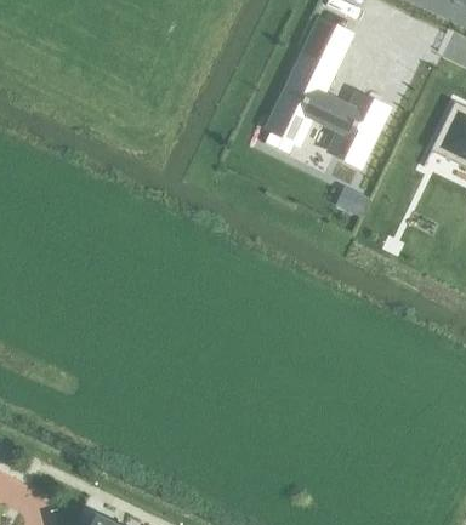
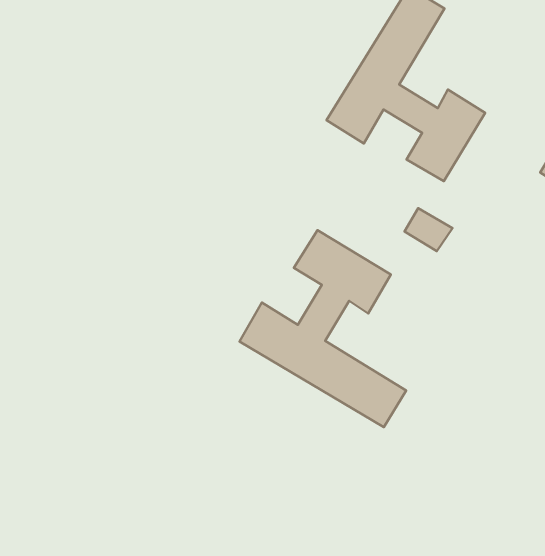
building: none -> [239,230,406,427]

